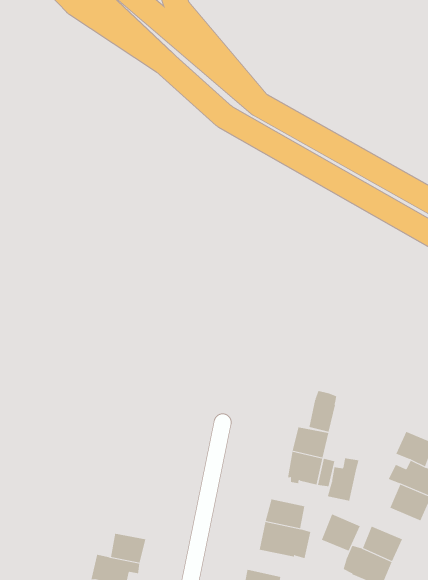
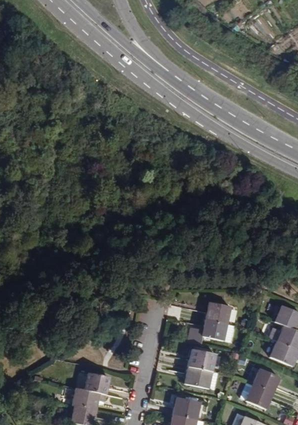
building: [309,390,337,433] -> none
building: [327,458,359,502] -> none
building: [321,514,361,551] -> none

